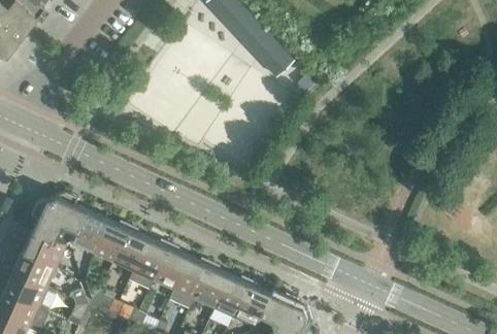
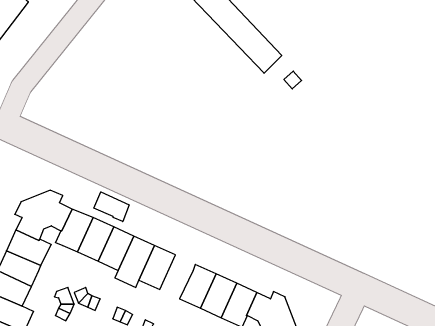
building: none -> [94,192,129,222]
building: [169,257,208,307] -> none

